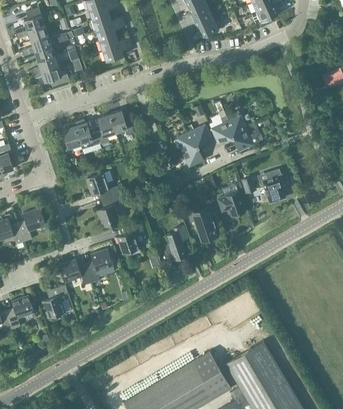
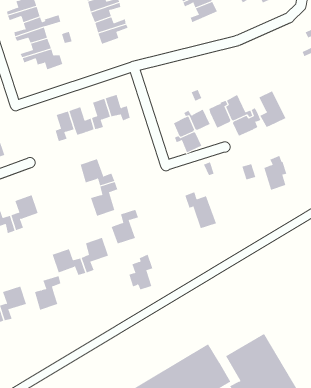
building: none -> [258,90,286,128]
building: [218,192,245,217] -> none
building: [164,225,188,260] -> [128,254,153,290]

